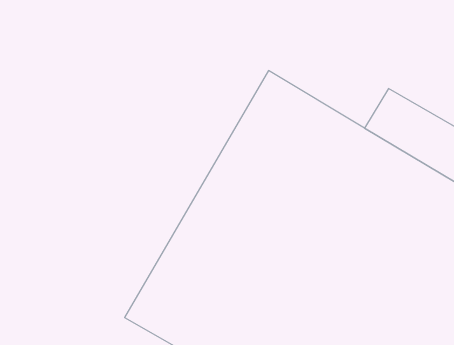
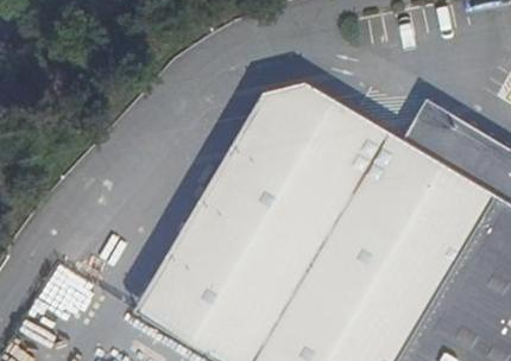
building: none -> [132,86,305,330]

